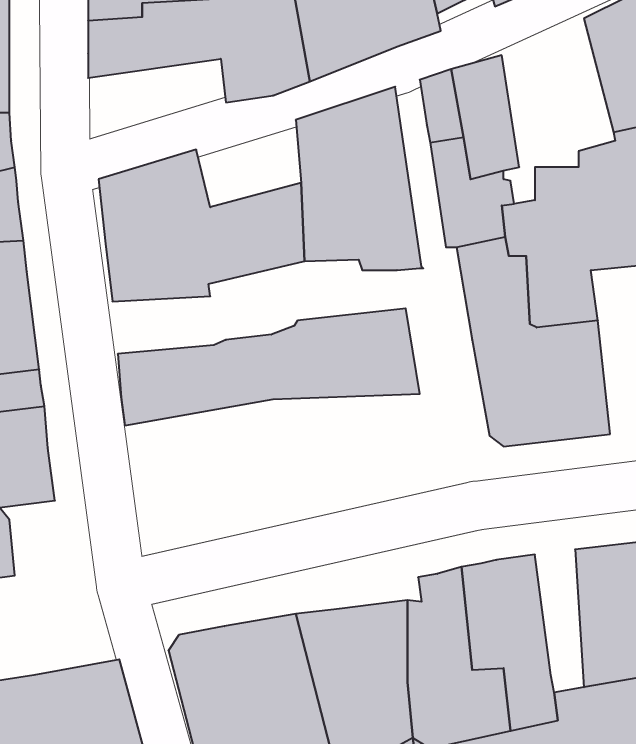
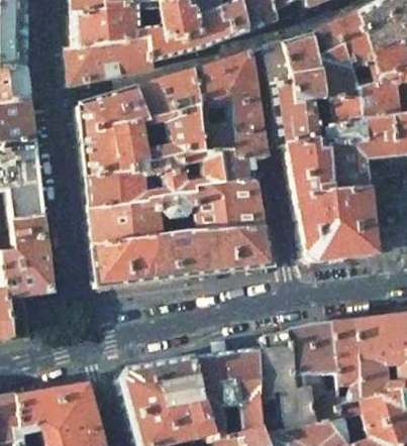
building: none -> [312,12,378,98]
building: none -> [67,35,154,85]
building: none -> [135,71,196,121]
building: none -> [87,151,257,206]
building: none -> [94,229,272,286]
building: none -> [331,319,360,402]

